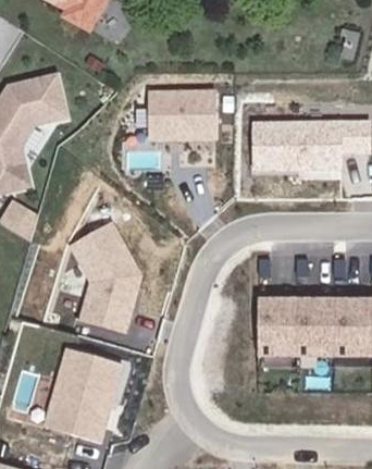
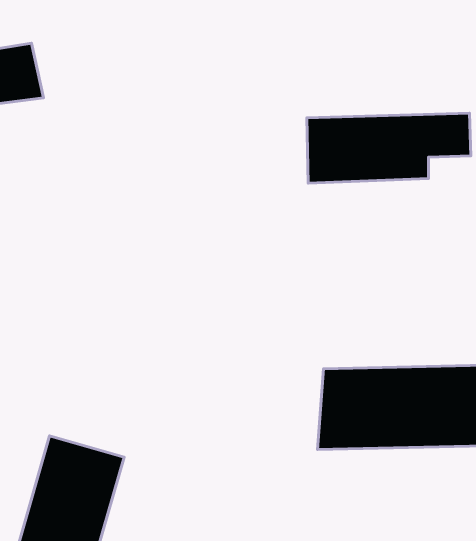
building: [148,90,209,137] -> none
building: [72,225,138,331] -> none

